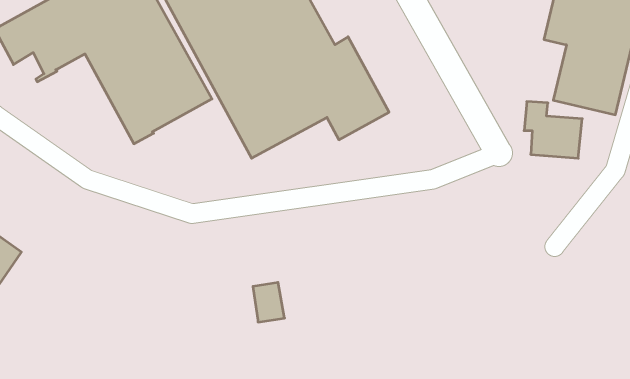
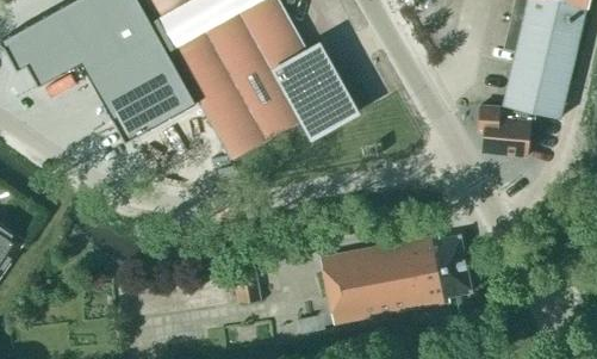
building: none -> [300,235,473,333]

